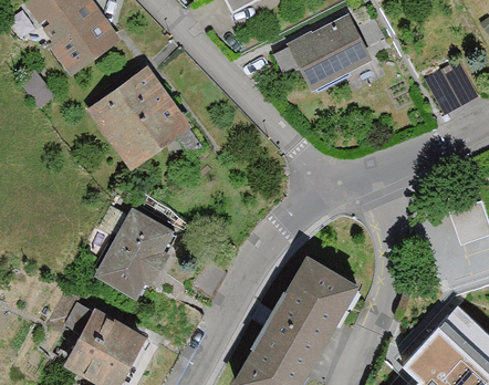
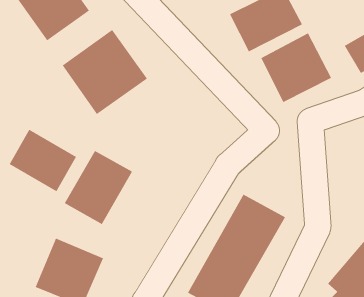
building: none -> [260,32,332,103]
building: none -> [9,129,77,192]

